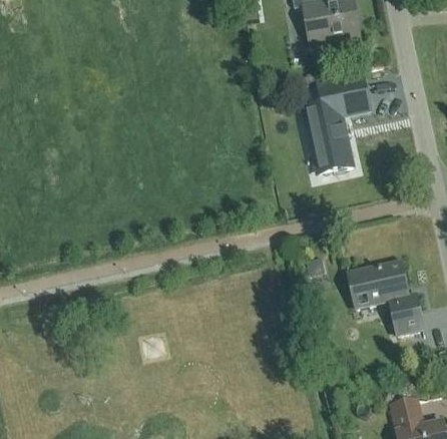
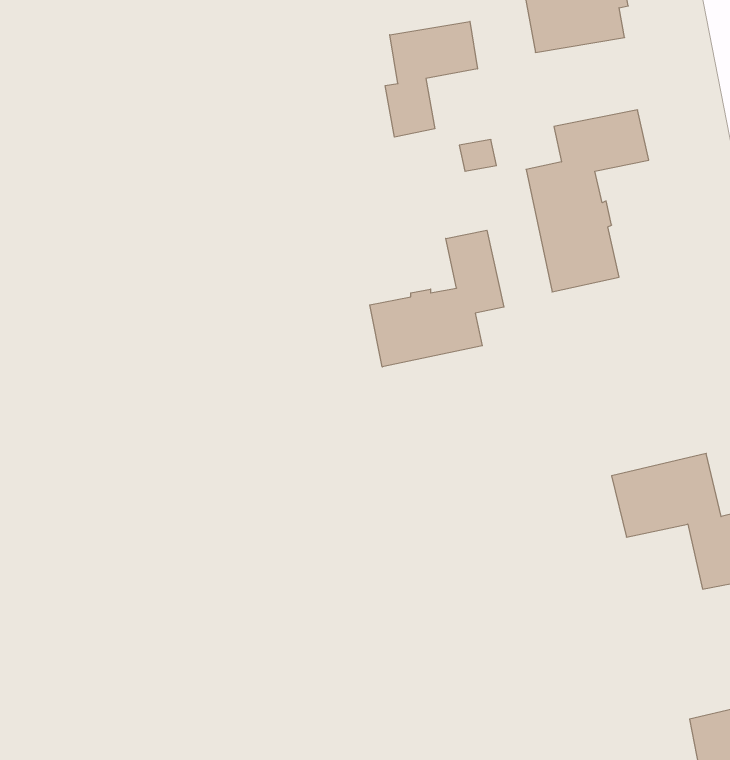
building: none -> [385,21,477,137]
building: none -> [370,230,504,367]

